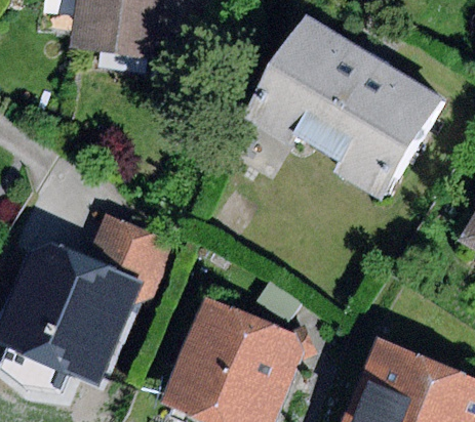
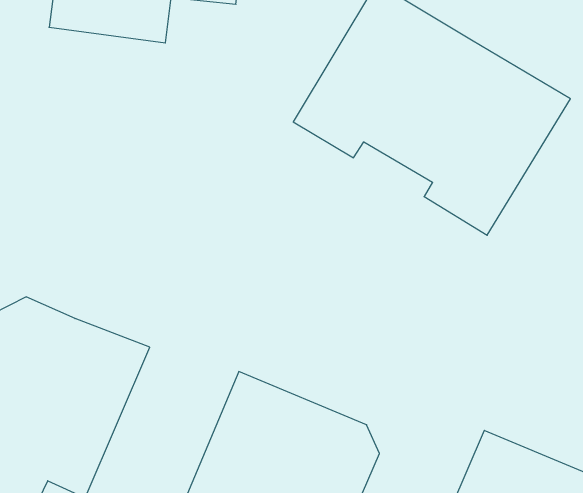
building: [89,215,176,285] -> none

